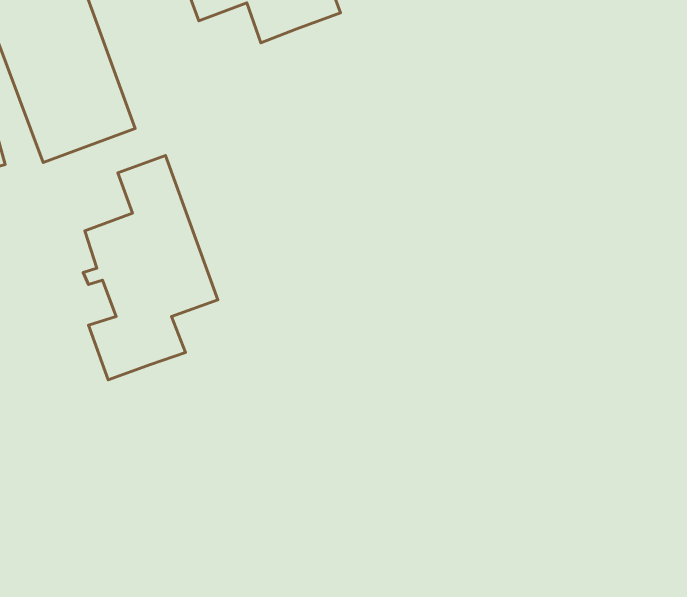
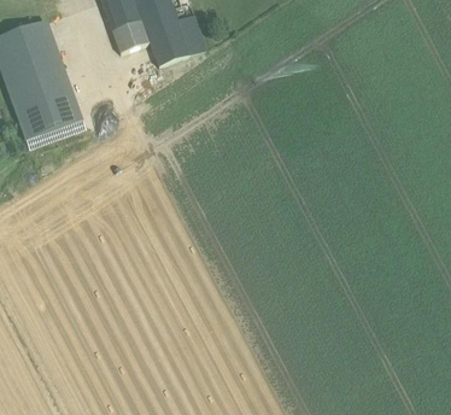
building: [83,155,218,380] -> none

